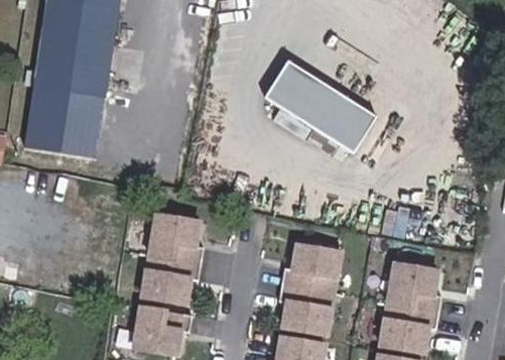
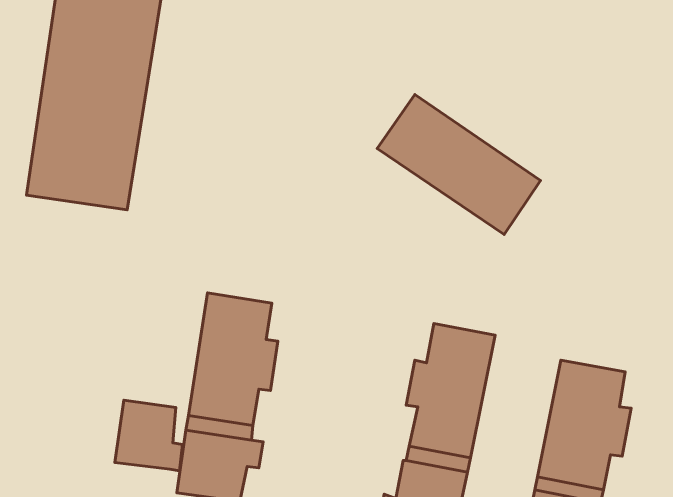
building: none -> [115,400,183,471]

